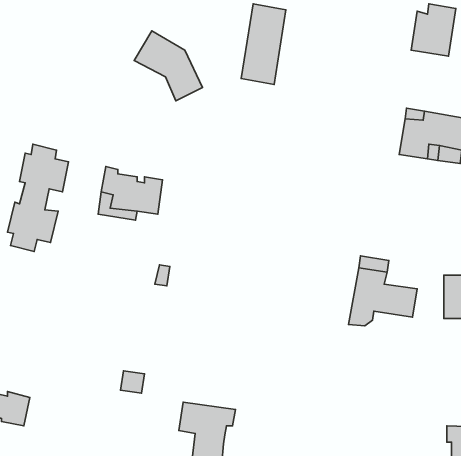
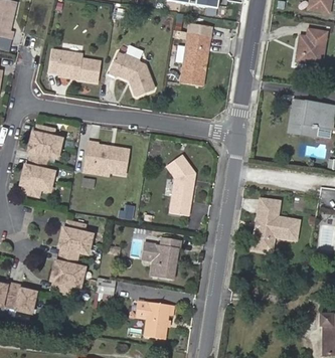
building: none -> [49,48,102,81]
building: none -> [166,157,195,216]
building: none -> [56,221,97,290]
building: none -> [146,236,184,281]

